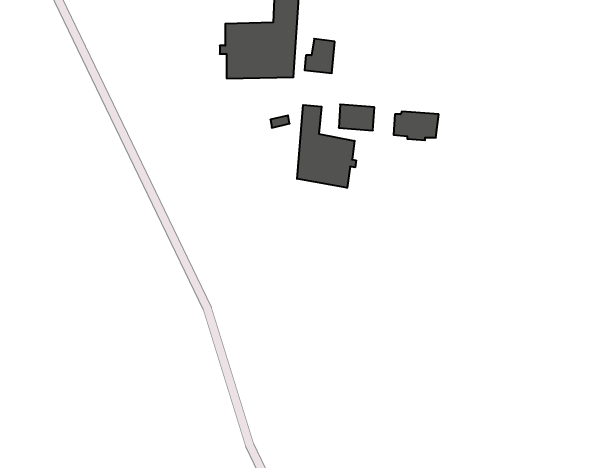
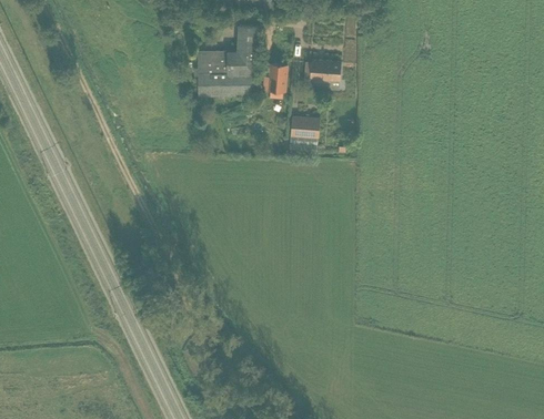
building: [297,105,356,188] -> none
building: [394,112,439,140] -> [304,59,341,82]

